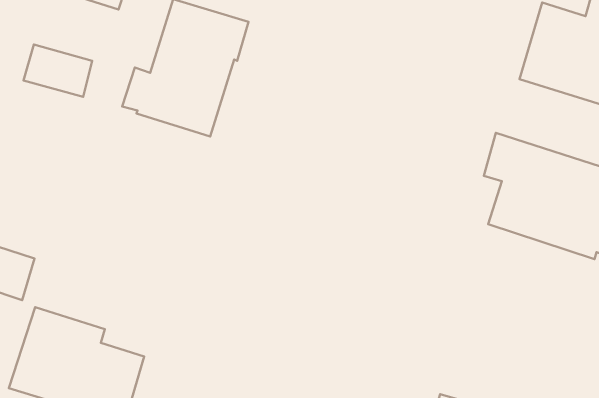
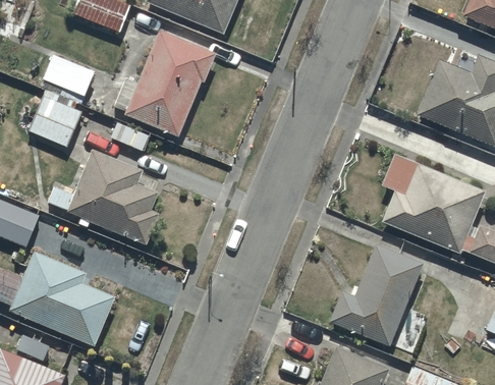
building: none -> [29,97,81,147]
building: none -> [49,149,161,244]
building: none -> [329,243,423,345]

